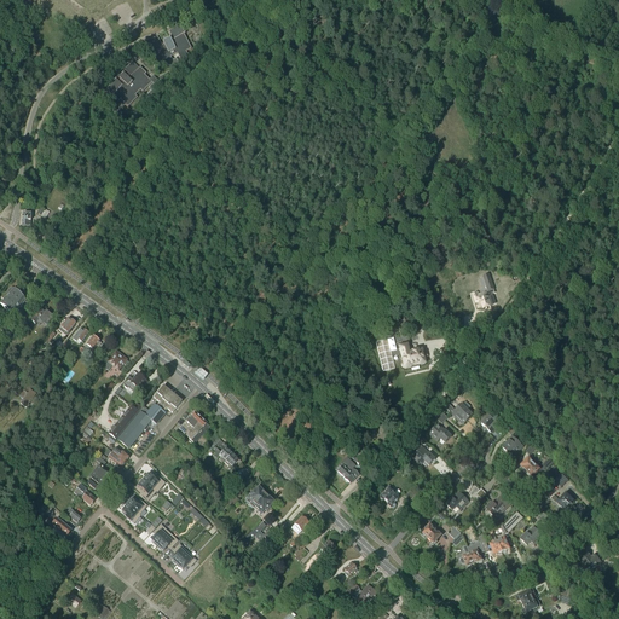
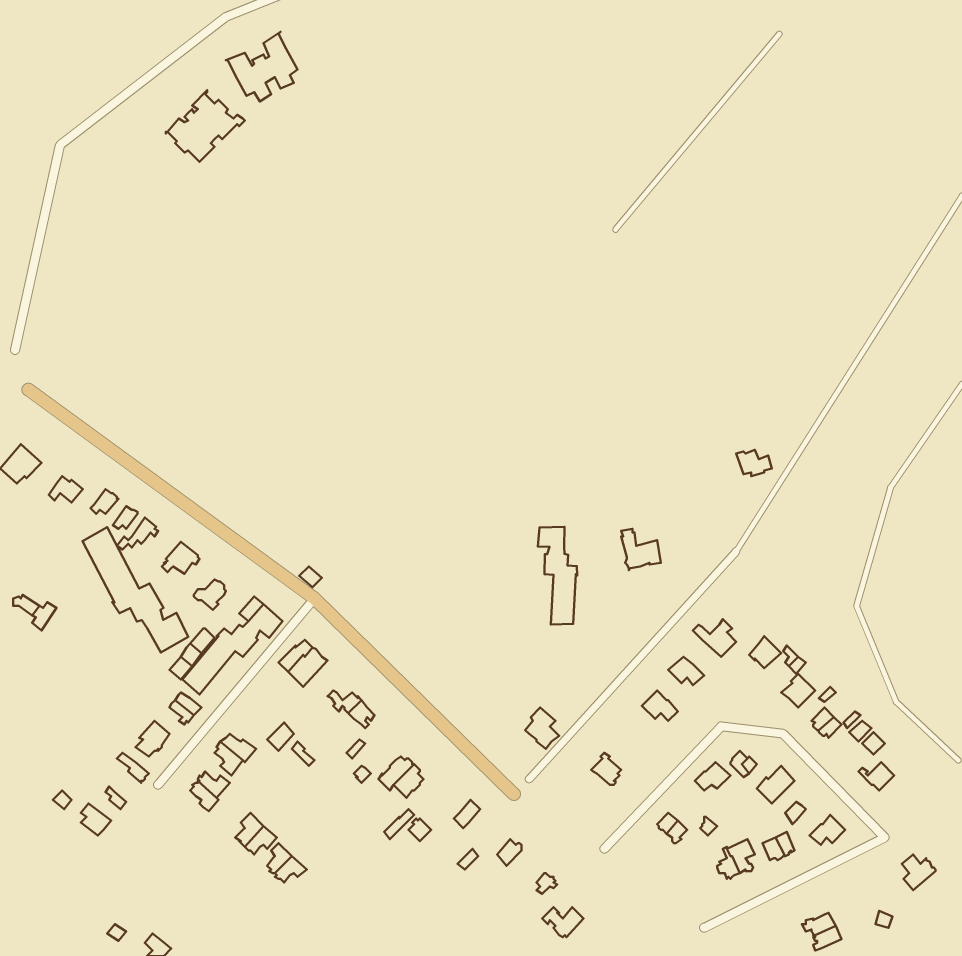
building: none -> [538,527,577,624]
building: none -> [83,527,188,653]

